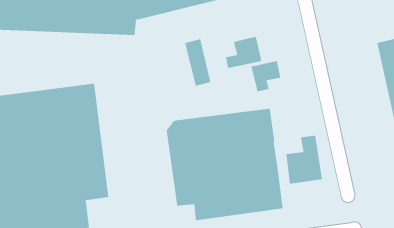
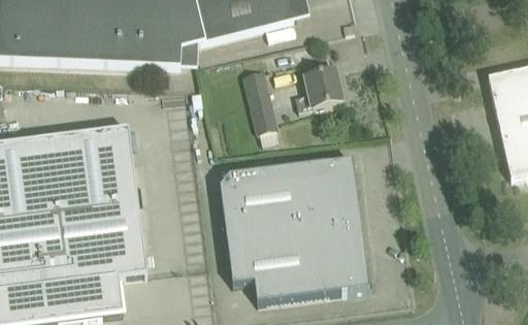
building: [251,60,281,92] -> none
building: [286,135,322,184] -> none

